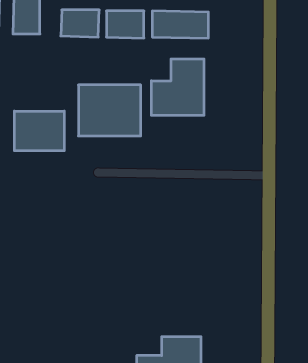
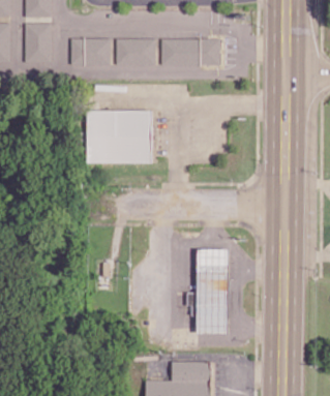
building: [151,59,204,115] -> none
building: [14,111,64,151] -> none
building: none -> [199,249,230,334]

